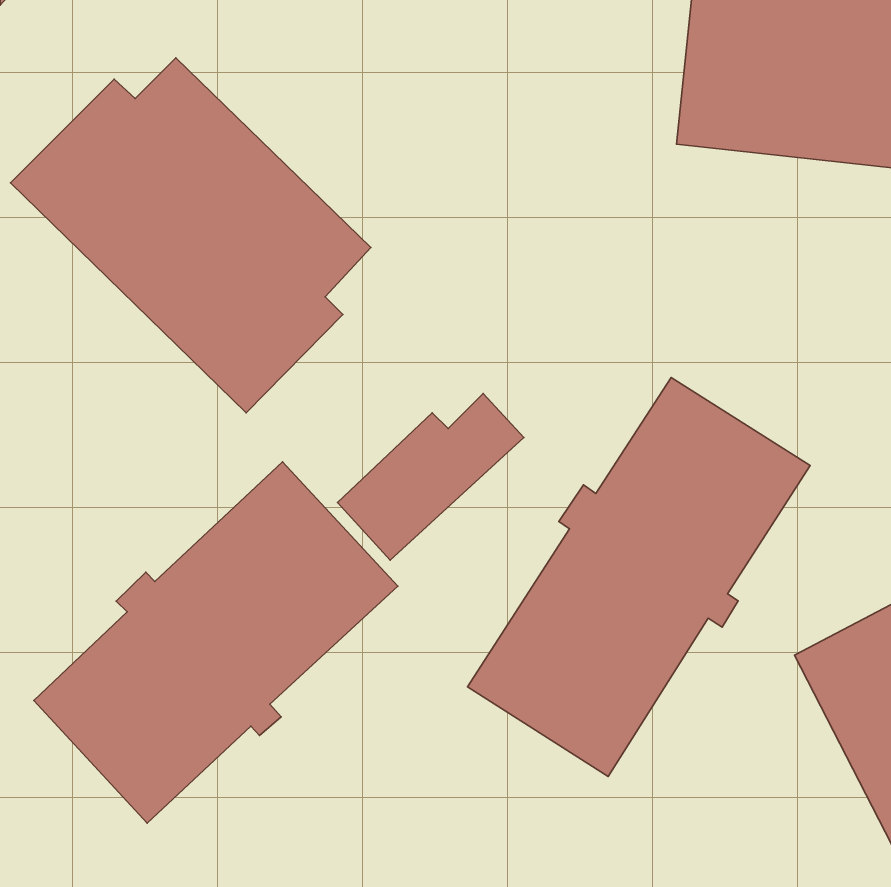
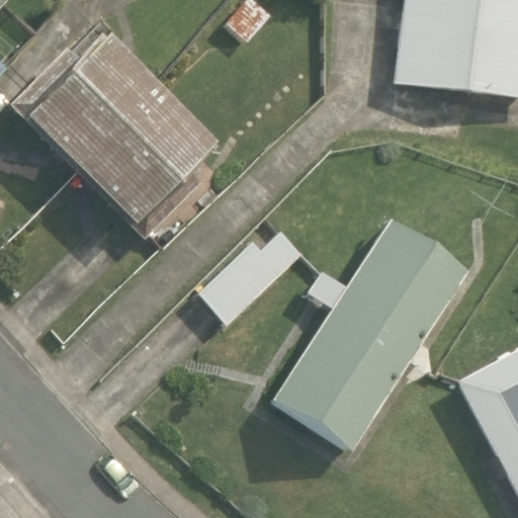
building: [34,462,398,823] -> none

